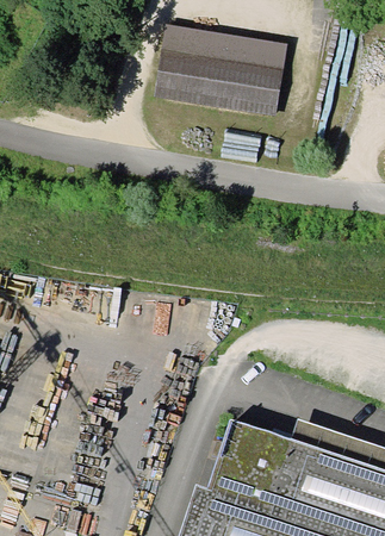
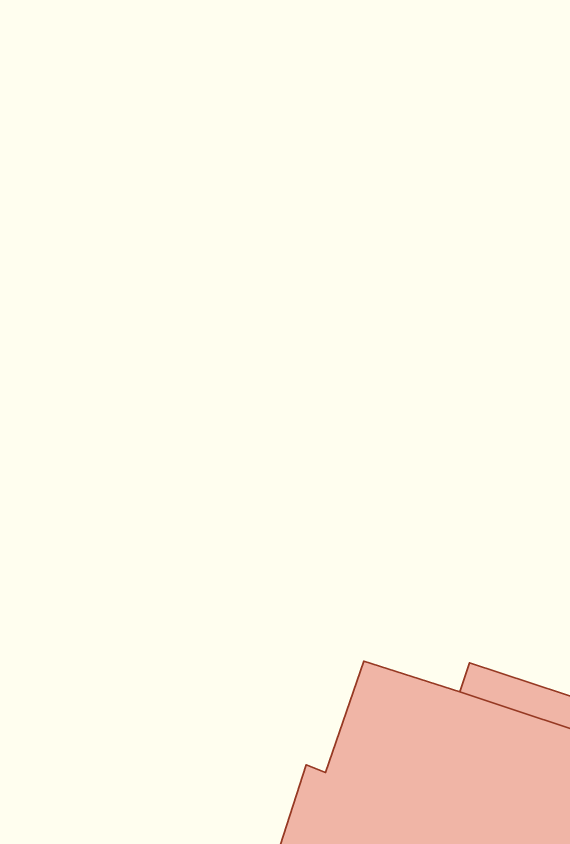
building: [156,30,287,119] -> none

